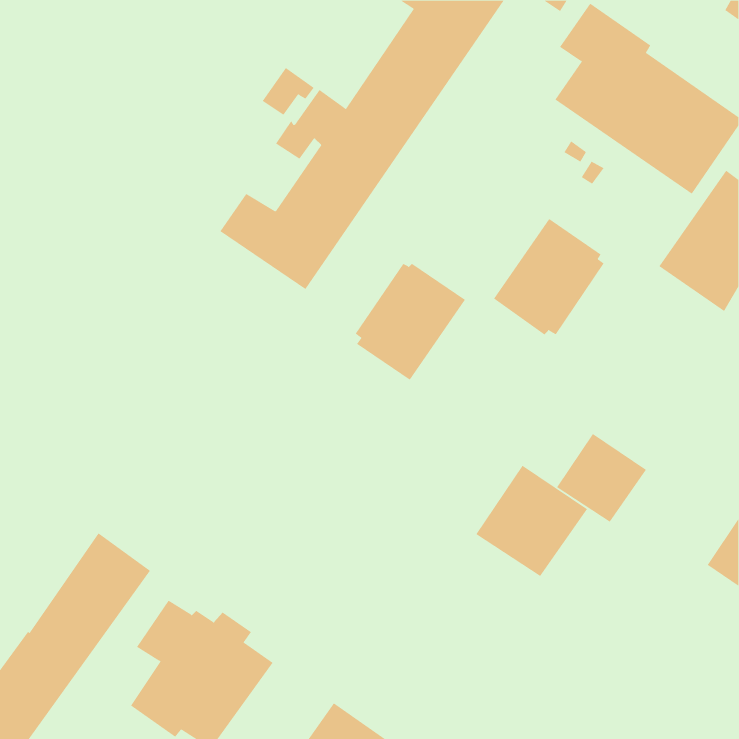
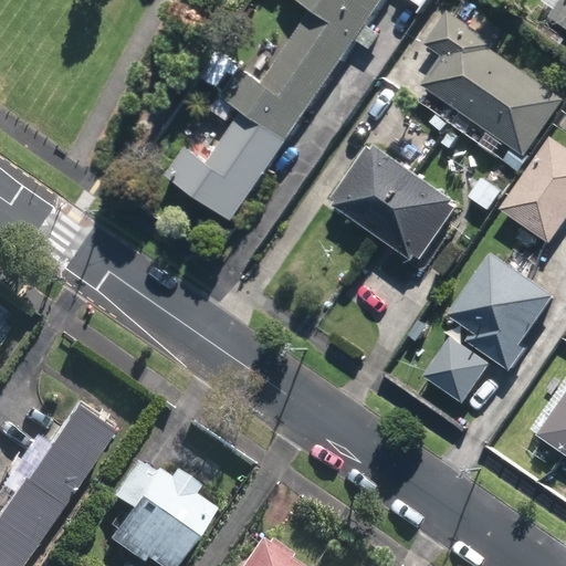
building: [355,263,466,380] -> [331,144,415,232]
building: none -> [447,250,553,368]
building: [476,465,588,577] -> none

